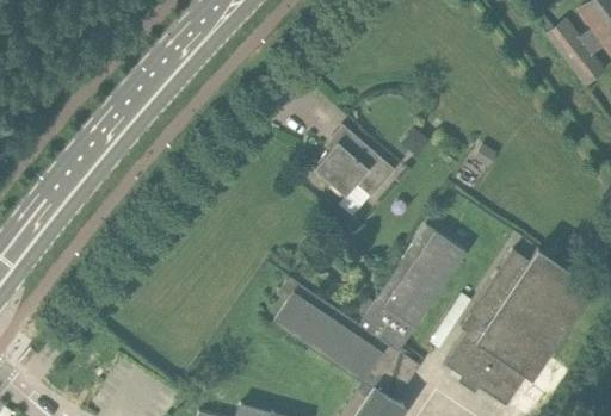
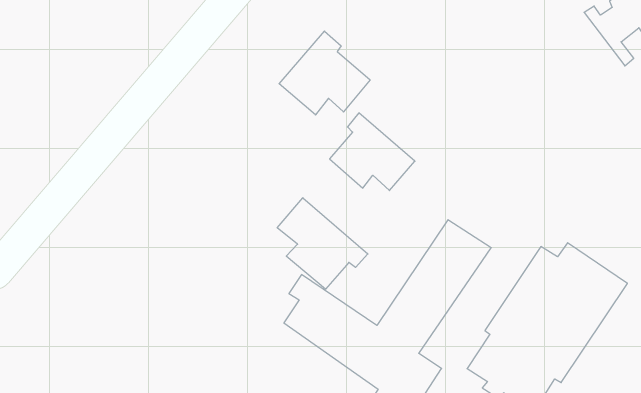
building: none -> [279,31,370,115]
building: none -> [277,198,368,289]

